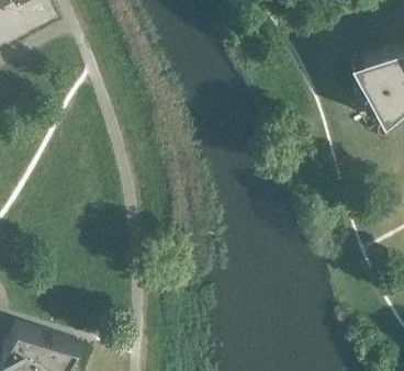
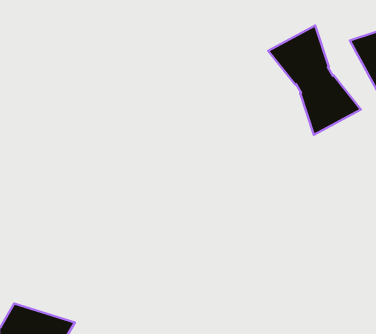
building: none -> [268,25,361,135]

